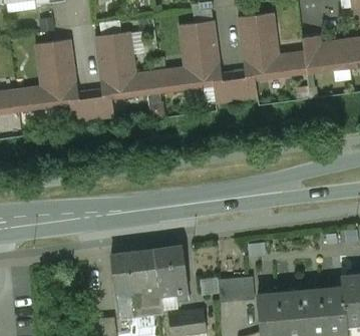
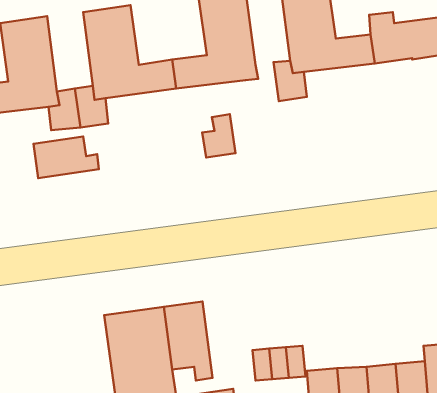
building: [213,72,237,103] -> [202,114,235,157]
building: none -> [34,137,99,178]

